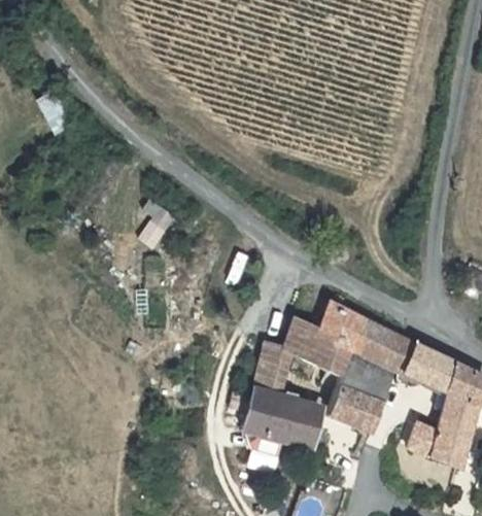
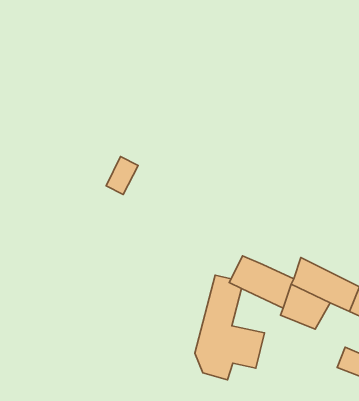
building: [321,303,366,343] -> none
building: [331,385,382,432] -> none

